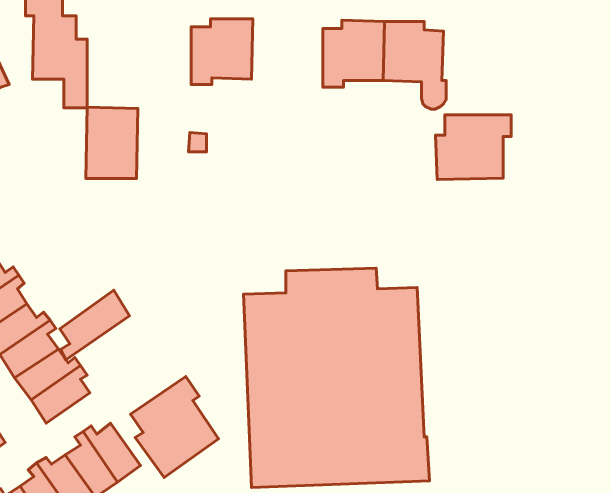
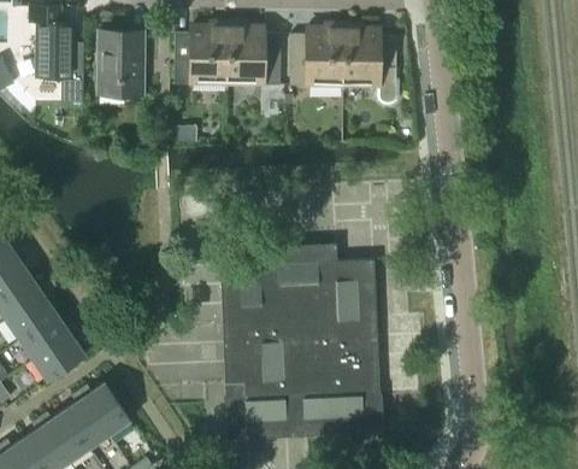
building: none -> [228,27,281,87]
building: [86,107,138,178] -> [99,33,144,95]
building: [436,115,511,180] -> none
building: [60,290,129,360] -> none
building: [131,377,219,477] -> none

